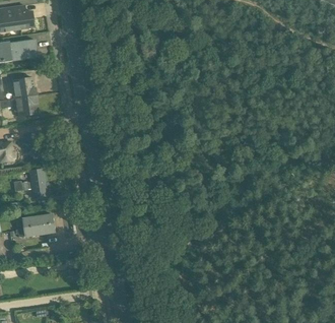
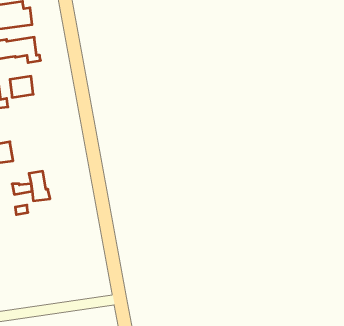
building: [12,94,37,116] -> none
building: [15,214,55,237] -> none

